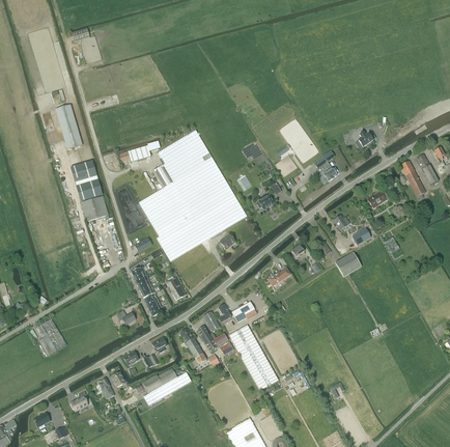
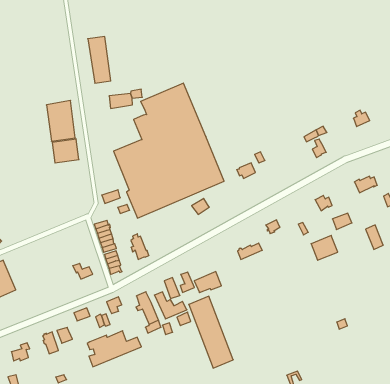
building: [55,104,82,148] -> [88,37,111,83]

